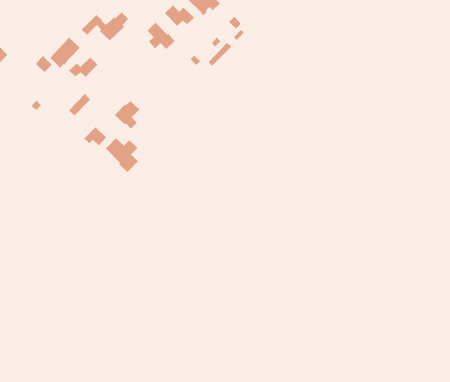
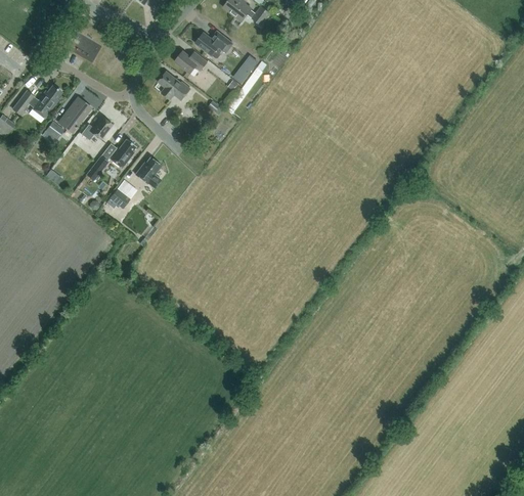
building: [81,11,129,41] -> [12,84,61,117]
building: none -> [110,138,136,167]
building: [105,138,139,173] -> none

